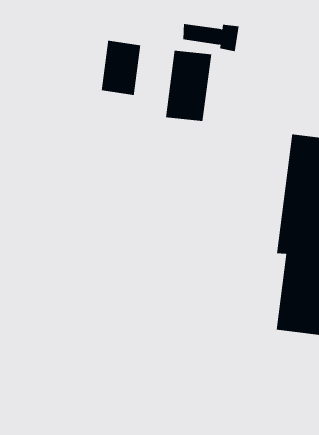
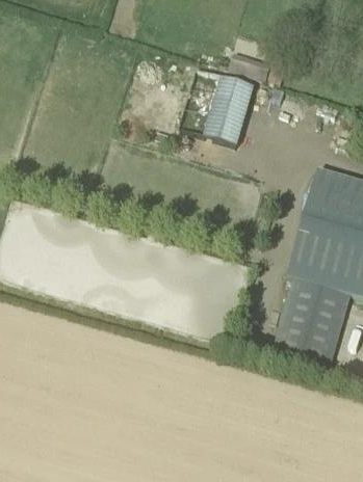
building: [101,40,141,96] -> none

